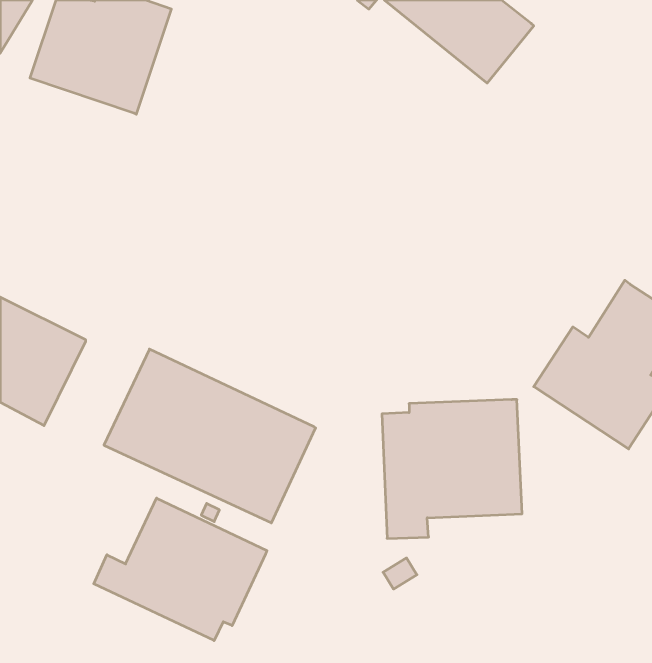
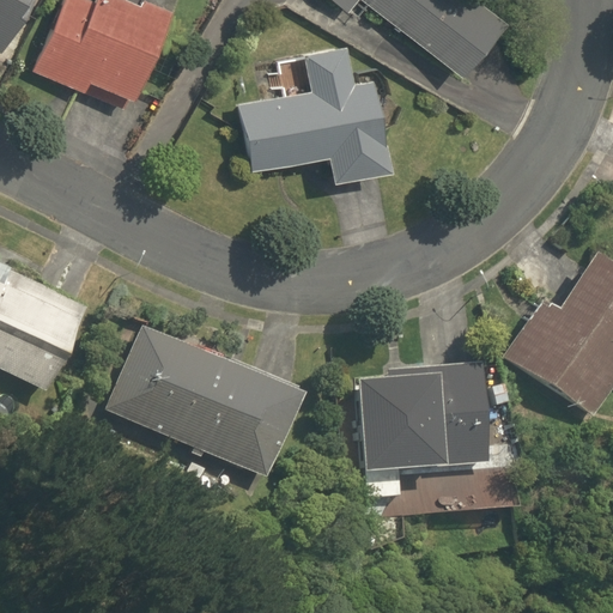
building: none -> [235,45,388,172]
building: [94,498,267,641] -> none

